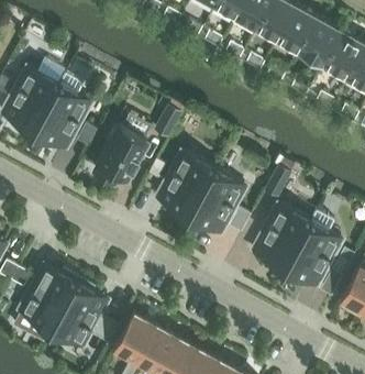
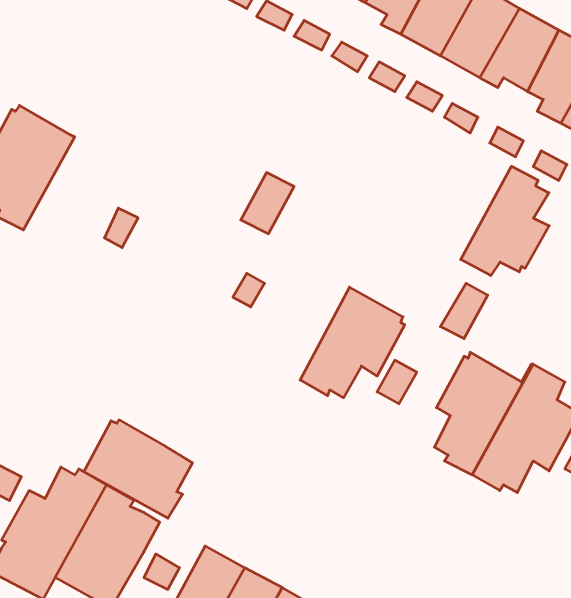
building: [33,76,92,153] -> none
building: none -> [461,166,549,276]
building: [96,128,147,183] -> none
building: [165,154,214,222] -> none
building: none -> [84,420,192,518]

